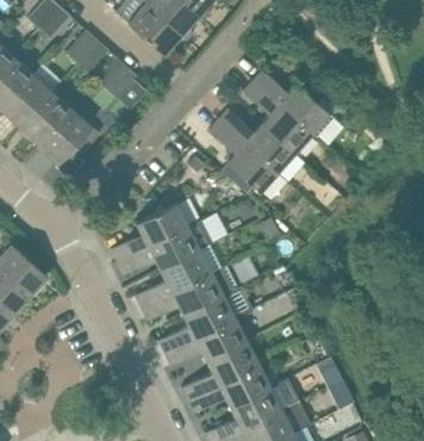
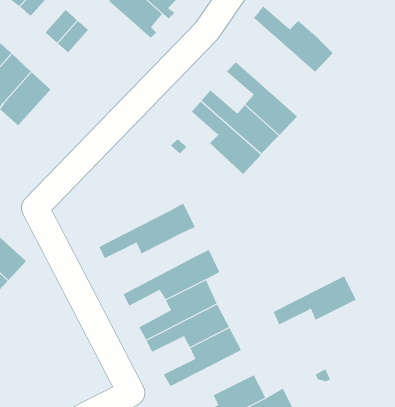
building: [95,57,137,98] -> none
building: [252,69,331,135] -> [253,6,333,73]
building: [39,108,100,162] -> none
building: [111,201,188,262] -> none
building: [135,249,212,309] -> none
building: [188,364,270,412] -> [273,275,357,325]

